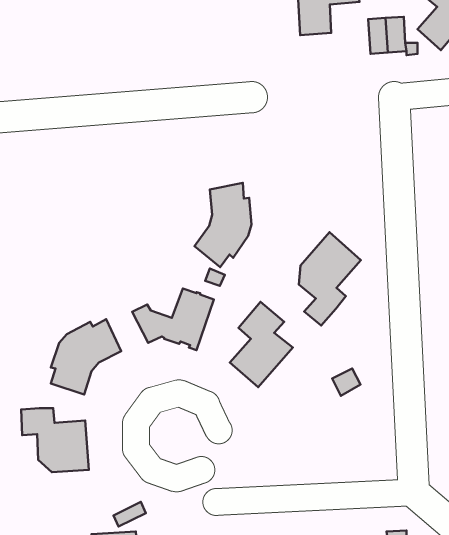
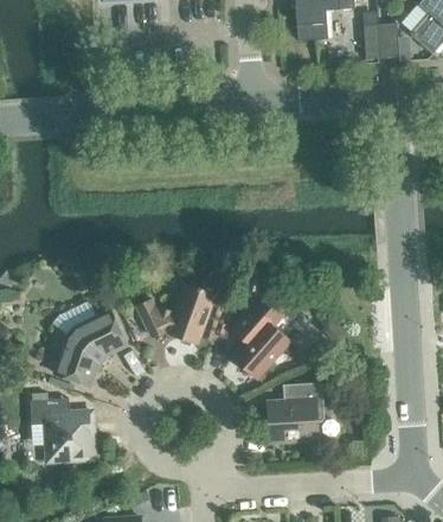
building: [194,183,251,267] -> none
building: [299,232,361,326] -> none
building: none -> [268,382,323,441]

